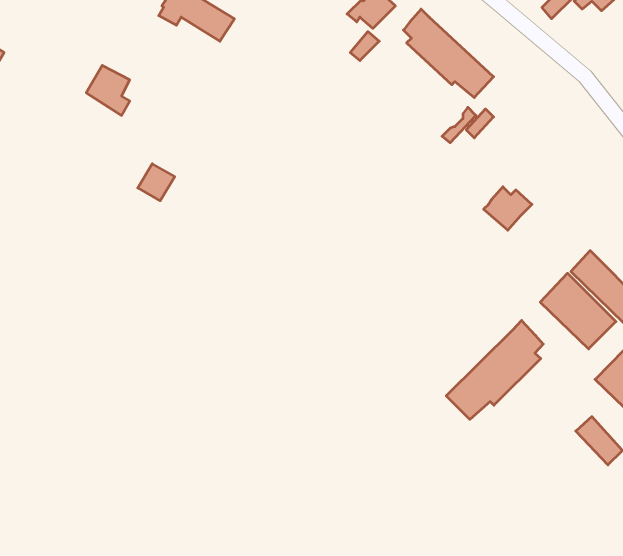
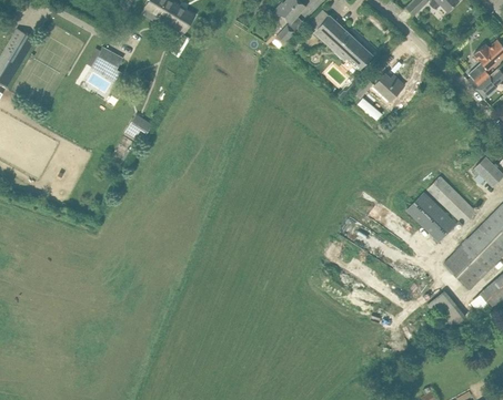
building: [484,187,532,230] -> [371,73,404,103]
building: [446,320,543,419] -> none

